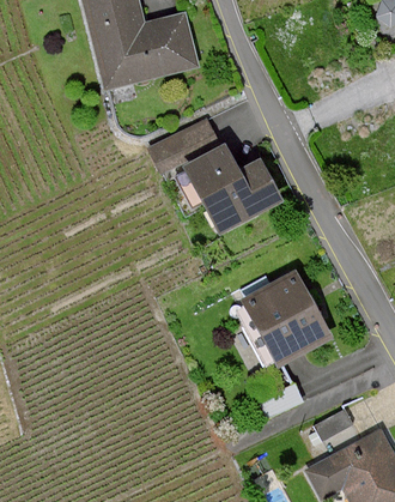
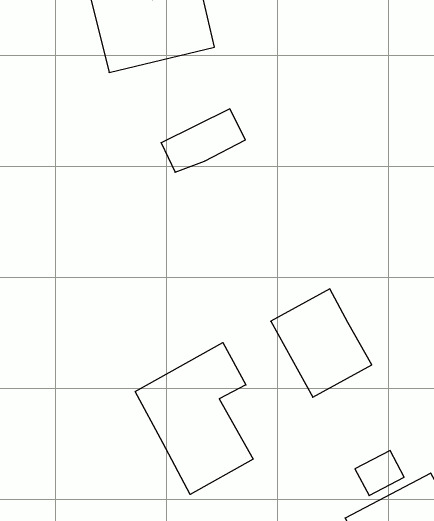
building: [187,144,279,230] -> none
building: none -> [135,343,253,494]

